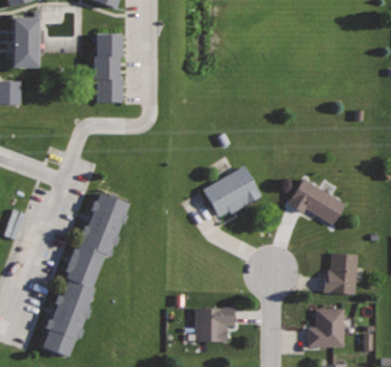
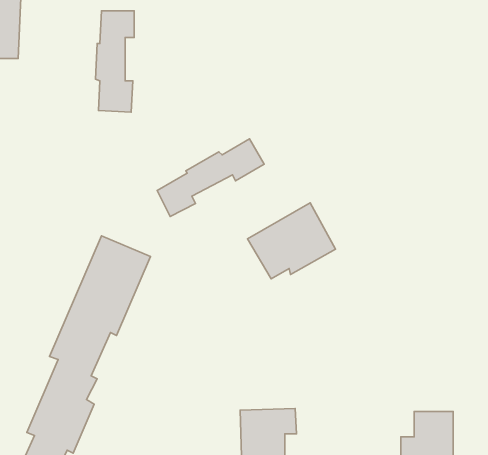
building: none -> [157,139,264,217]
building: [288,179,344,225] -> none
building: [324,254,359,295] -> none

